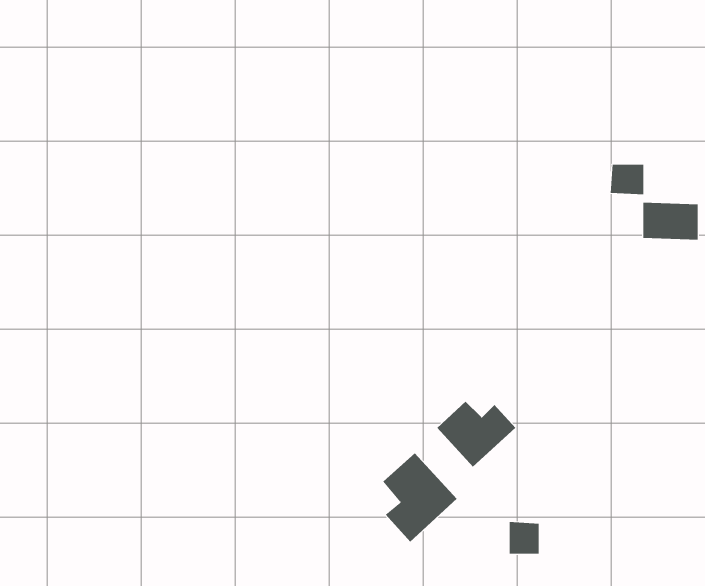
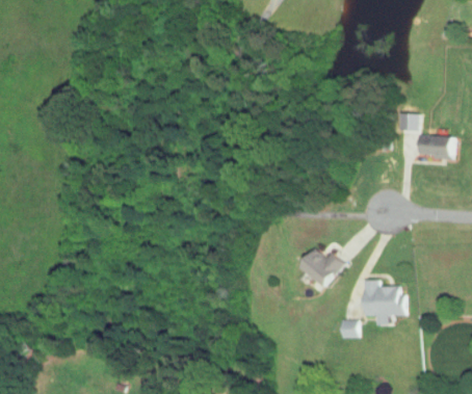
building: [382,452,458,542] -> none
building: none -> [362,280,404,325]

